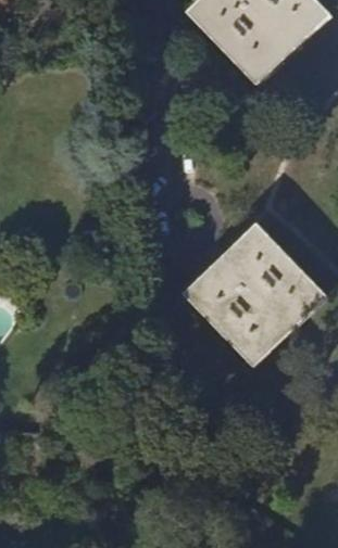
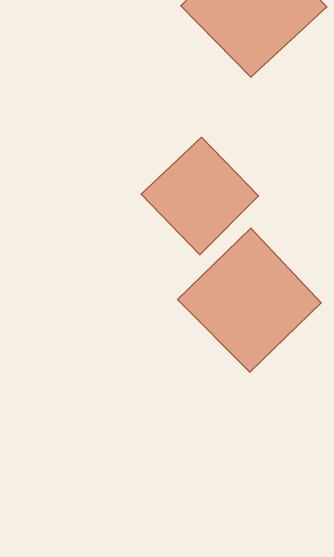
building: none -> [141,137,259,255]

